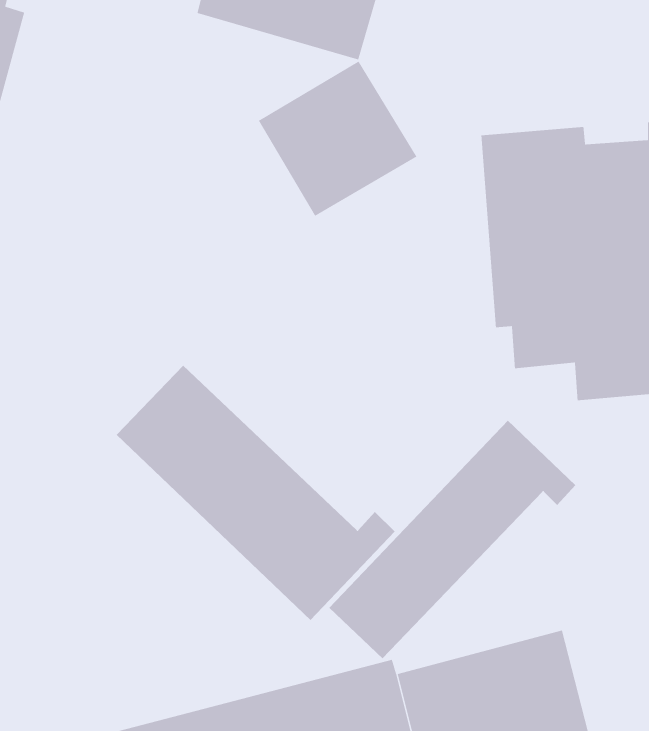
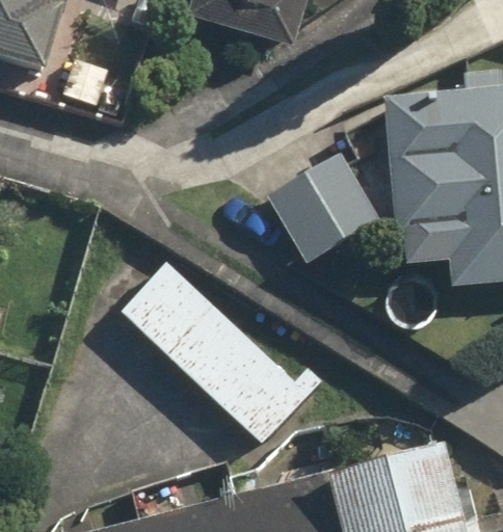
building: [258,60,417,217] -> [267,154,380,265]
building: [328,420,576,659] -> none

